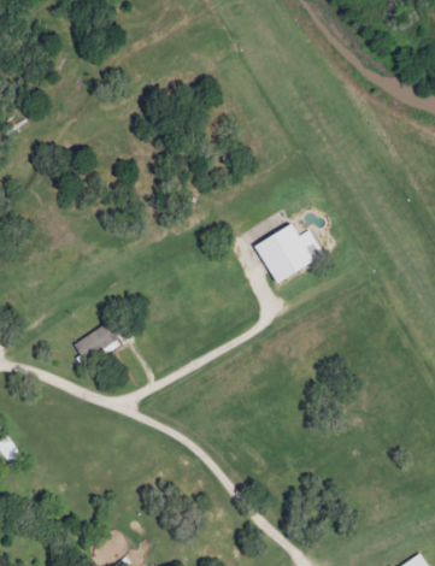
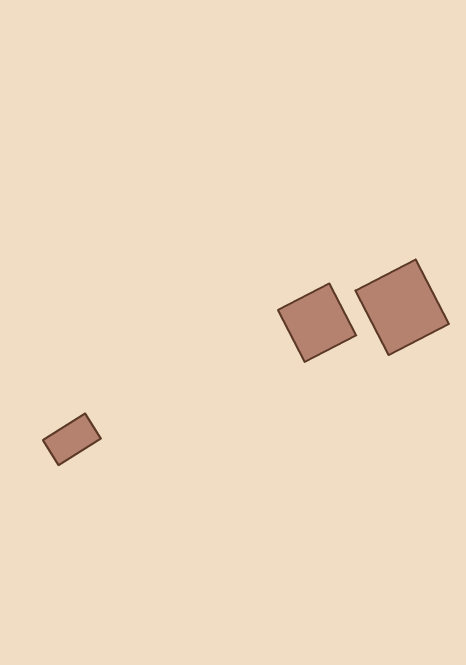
building: none -> [355,259,449,355]

